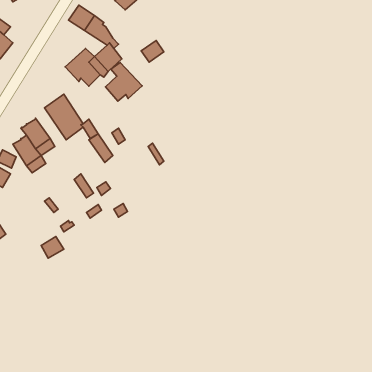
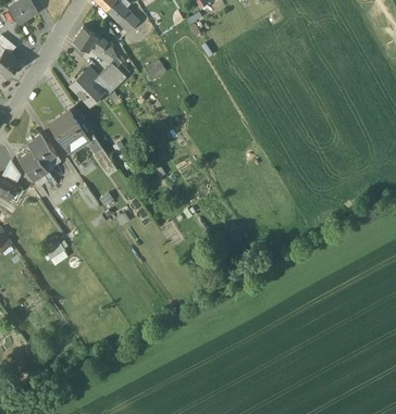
building: [105,63,142,101] -> none

